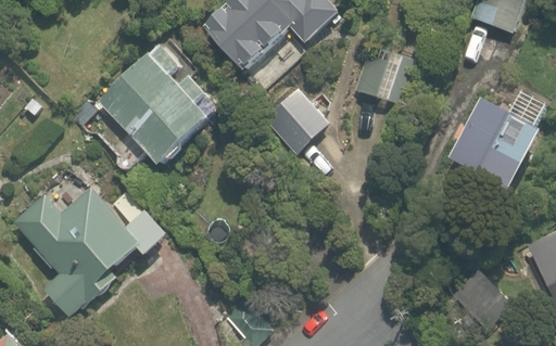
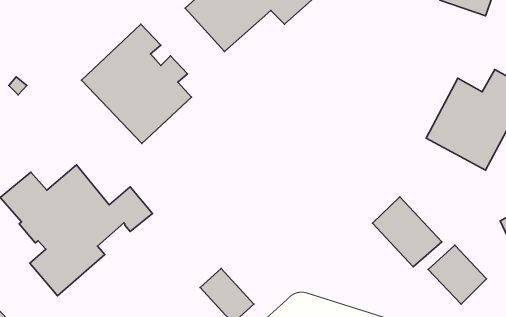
building: [351,44,414,104] -> none
building: [258,84,328,156] -> none
building: none -> [372,197,442,267]

